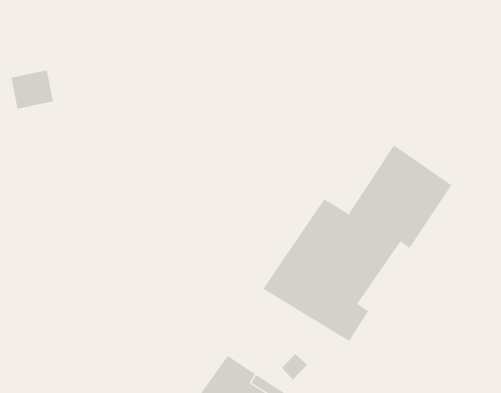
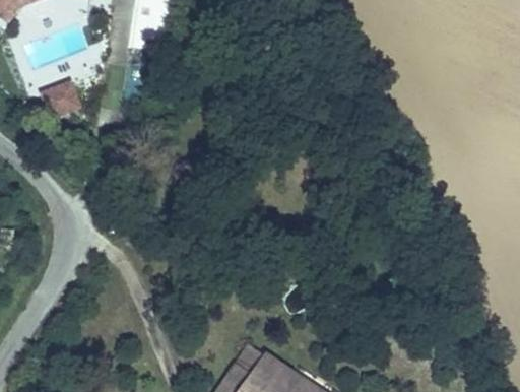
building: [262,145,452,342] -> none

